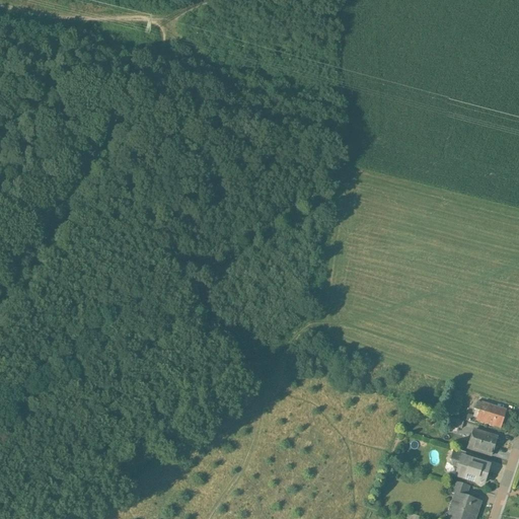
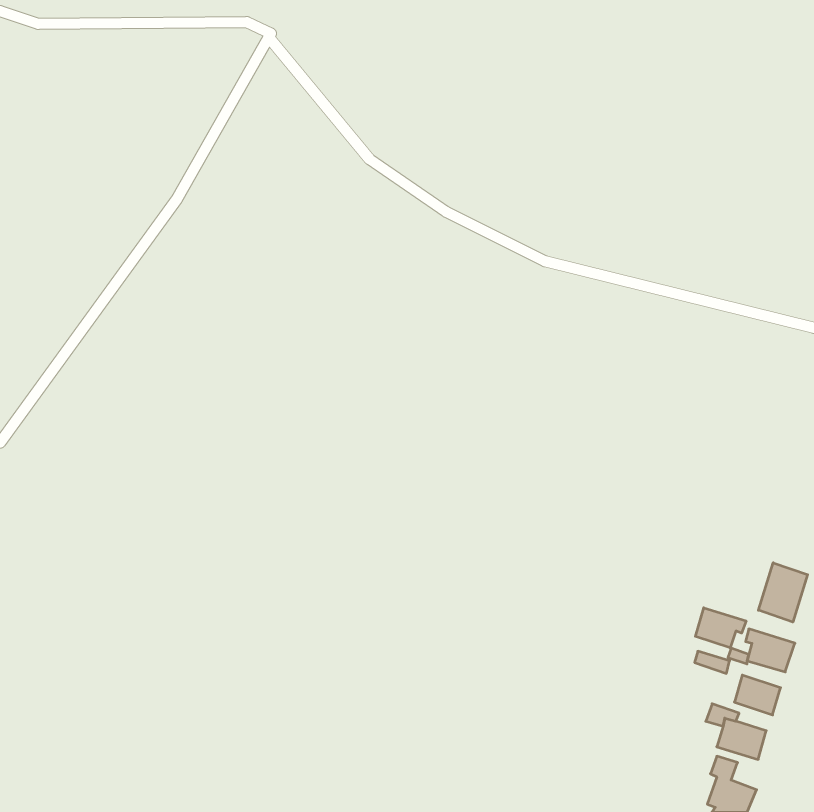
building: none -> [758,563,808,622]
building: none -> [695,608,746,648]

